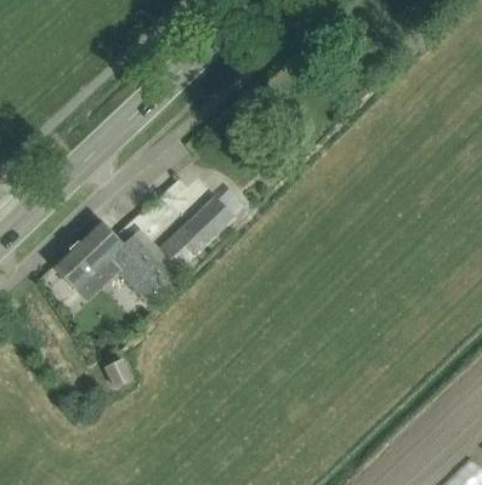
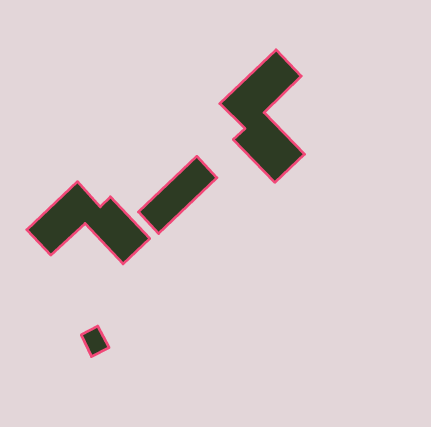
building: none -> [220,50,305,182]

